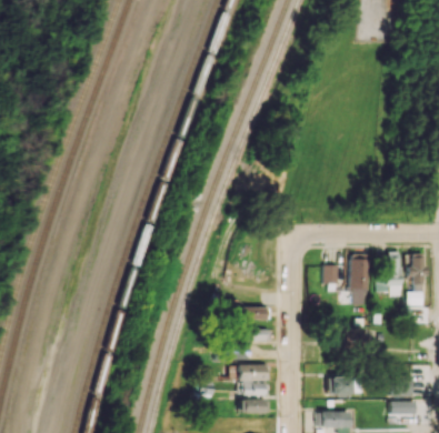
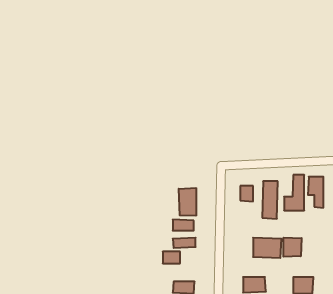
building: none -> [179,188,196,216]
building: none -> [283,238,302,257]
building: [237,365,268,381] -> none

